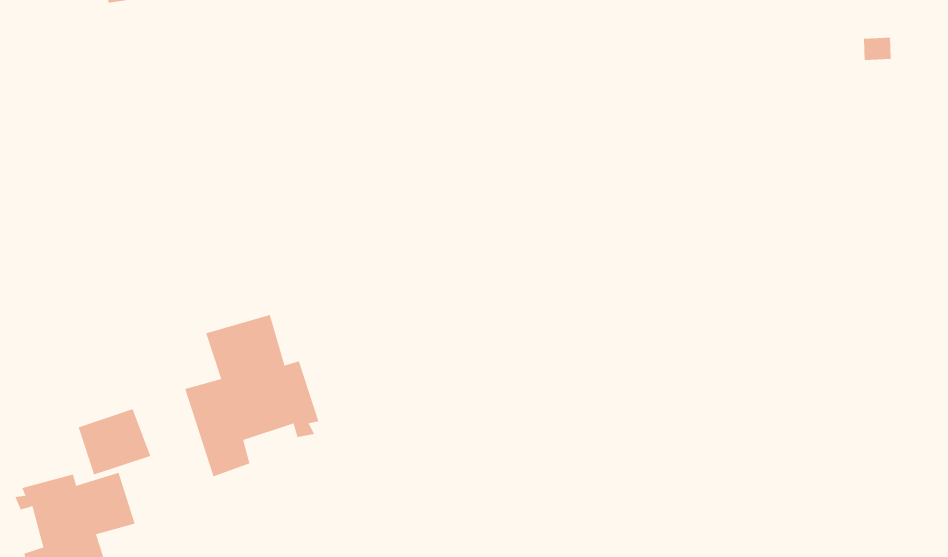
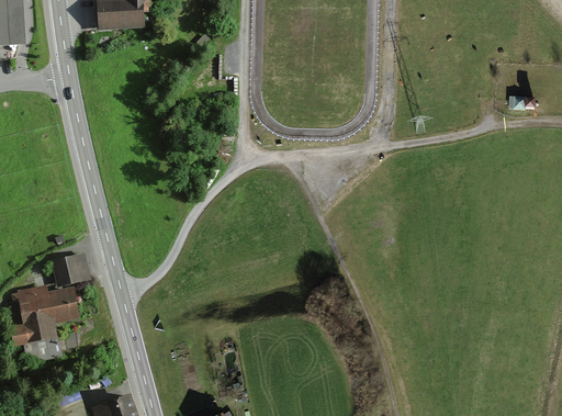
building: [185,314,319,477] -> none

